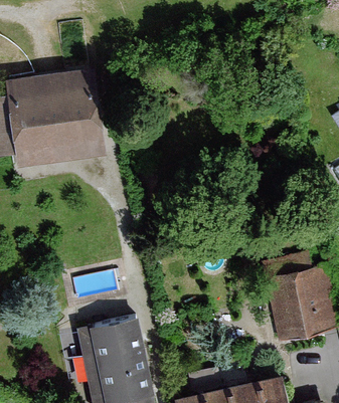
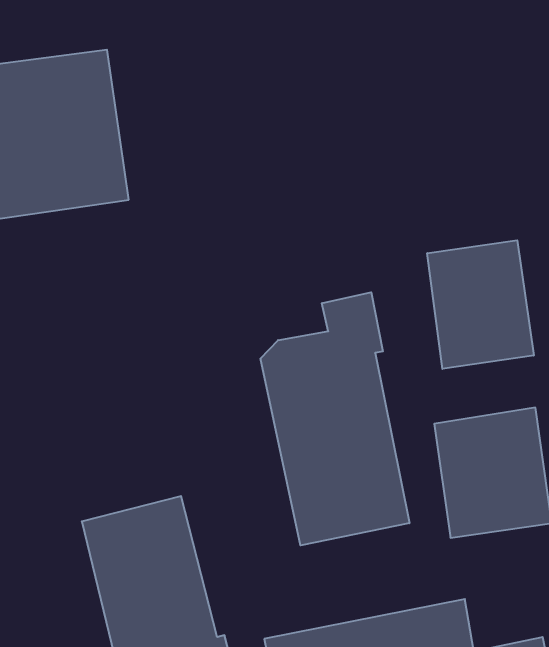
building: none -> [427,240,534,369]
building: none -> [261,292,409,545]

